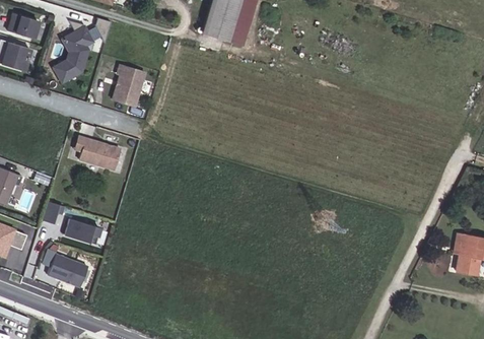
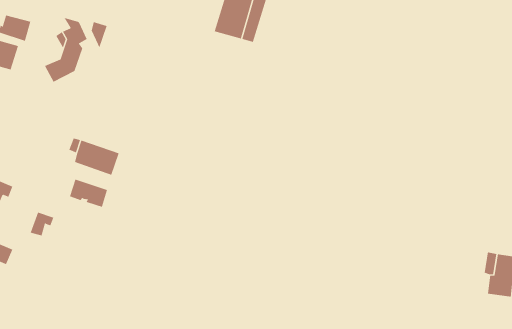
building: [112,60,144,101] -> none
building: [61,218,96,245] -> [69,179,108,208]
building: [42,255,82,288] -> none

